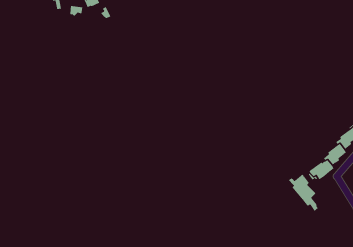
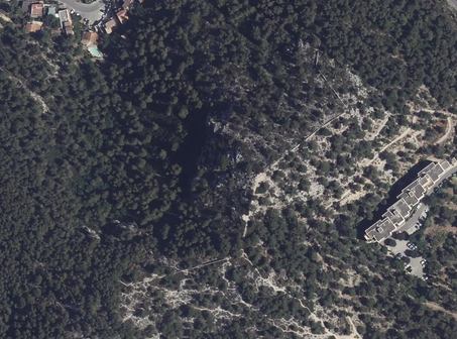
building: [288,173,319,212] -> none

